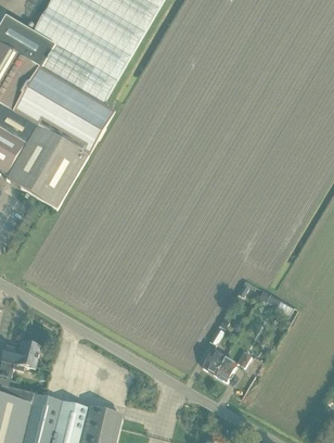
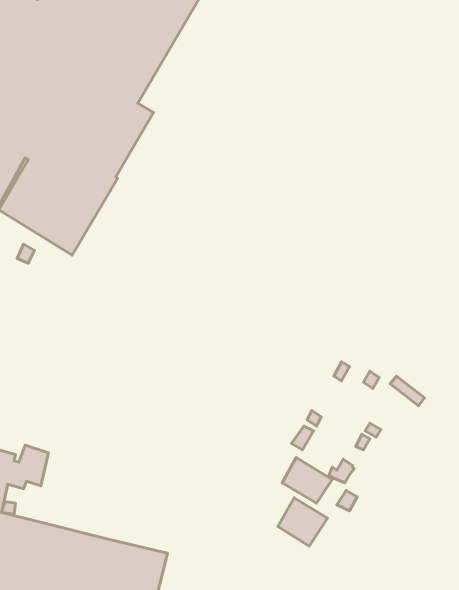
building: none -> [278,498,327,546]

